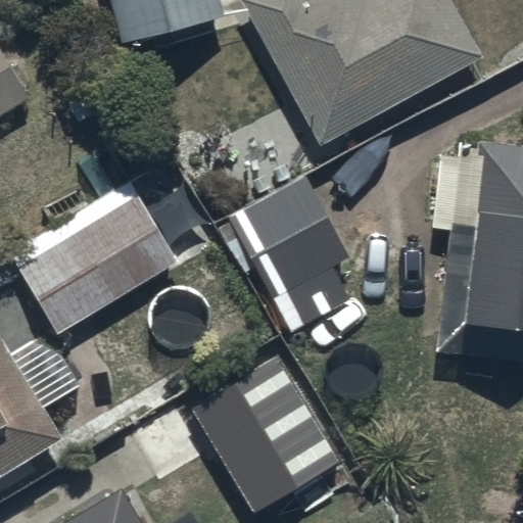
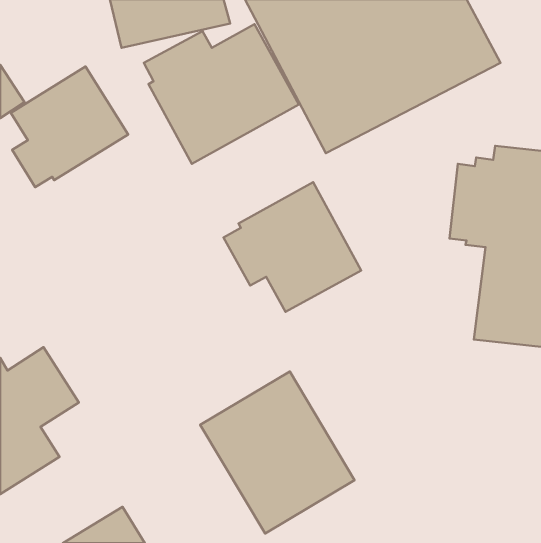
building: none -> [144,24,299,164]
building: none -> [11,67,128,187]
building: [7,185,175,337] -> none

